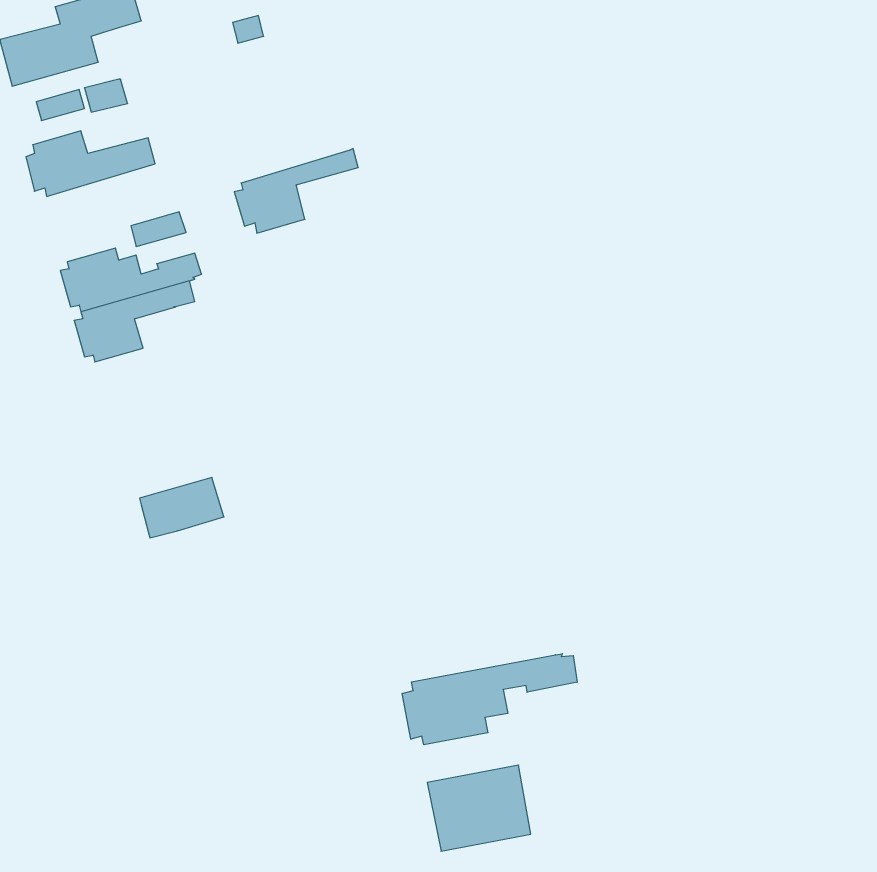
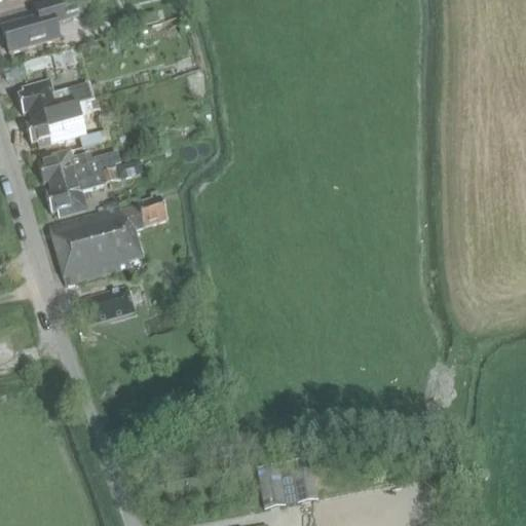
building: [234,149,358,233] -> [26,97,100,147]
building: none -> [49,194,168,283]
building: [402,654,577,745] -> none

